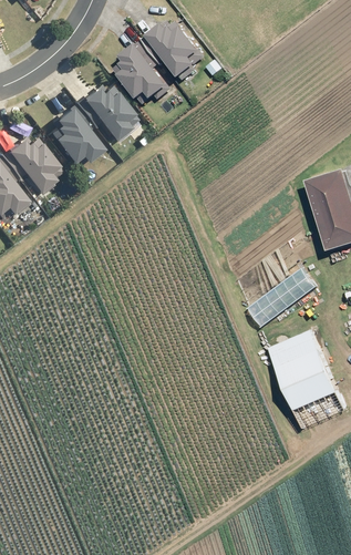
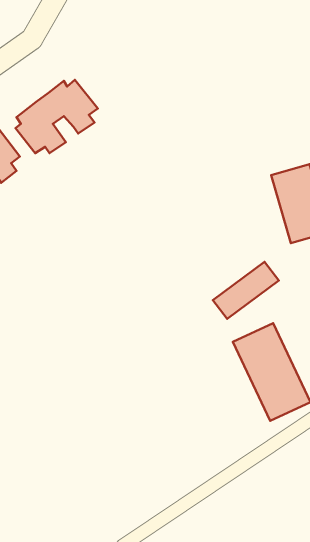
building: [121,20,203,94] -> none

